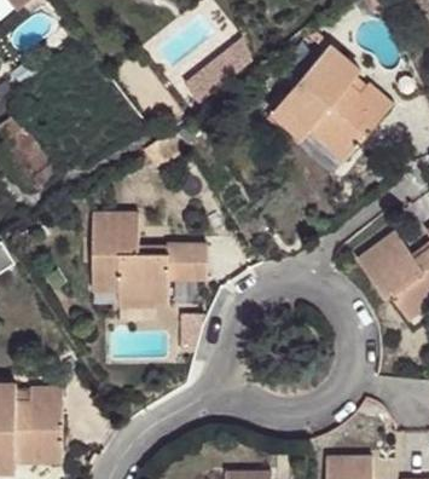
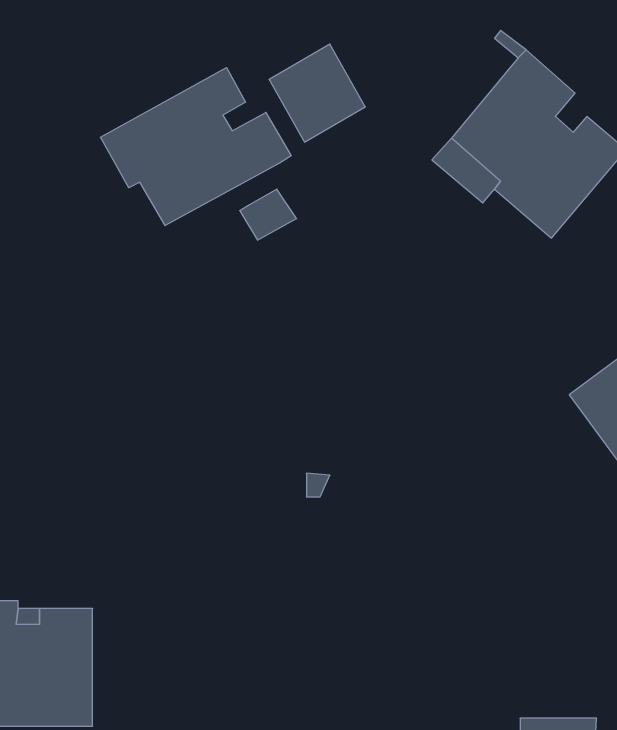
building: none -> [100,68,291,226]
building: [92,213,207,306] -> none

